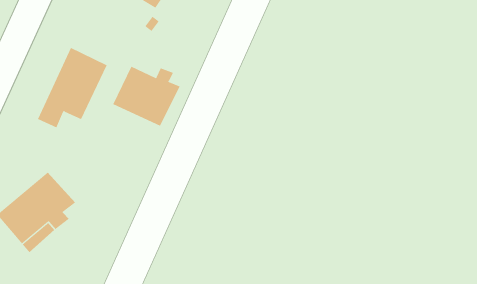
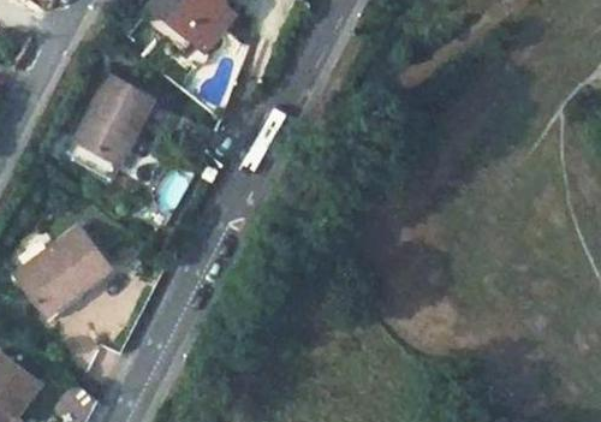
building: [113,66,181,126] -> none

